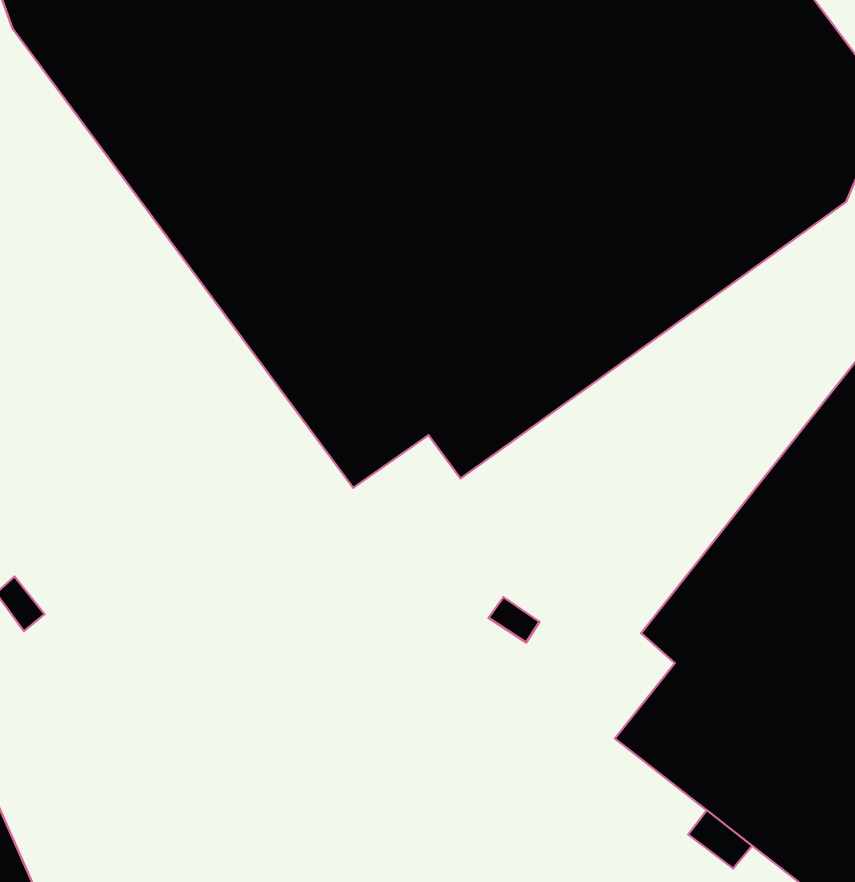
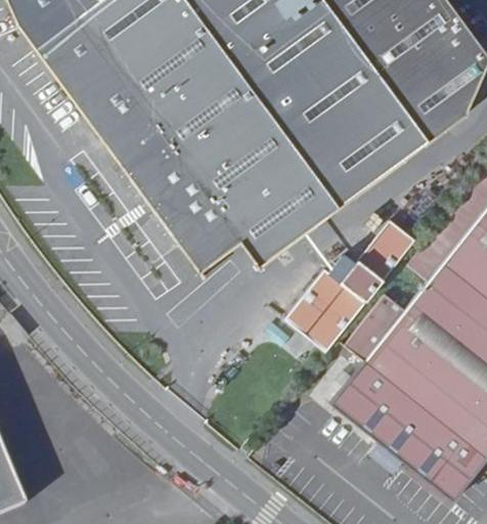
building: none -> [293,222,423,353]

